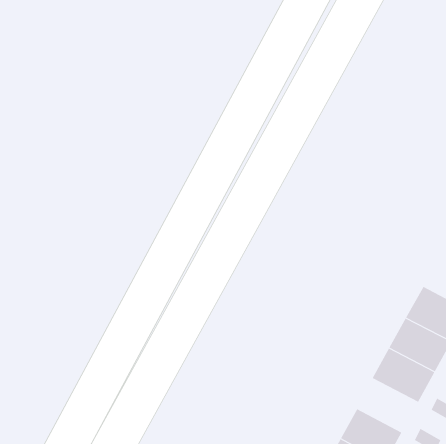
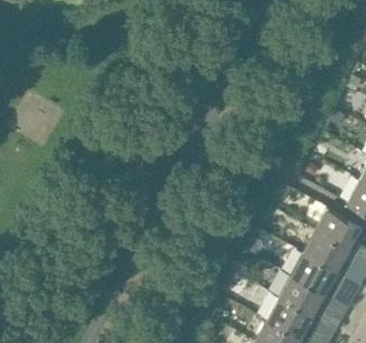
building: none -> [278,279,324,319]

